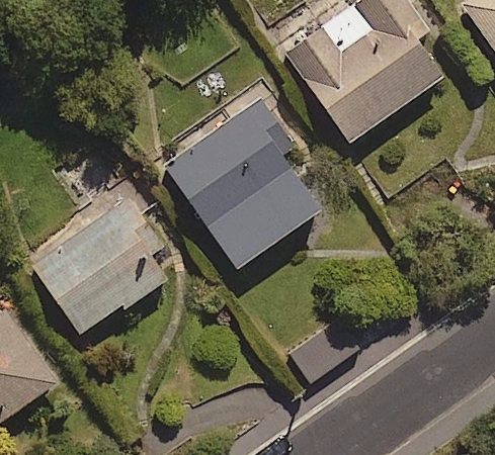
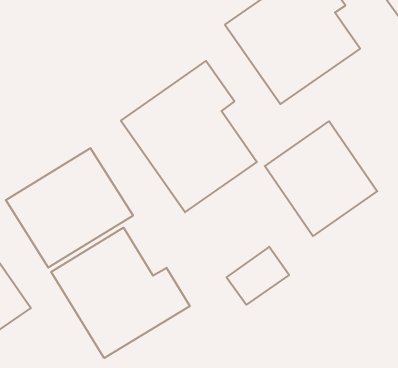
building: none -> [265,121,377,236]
building: none -> [51,228,190,358]

